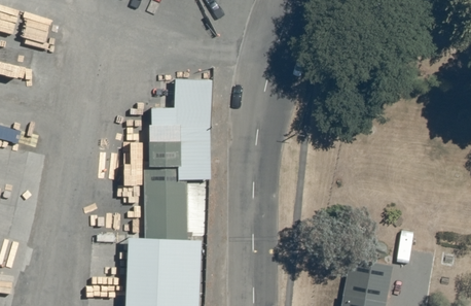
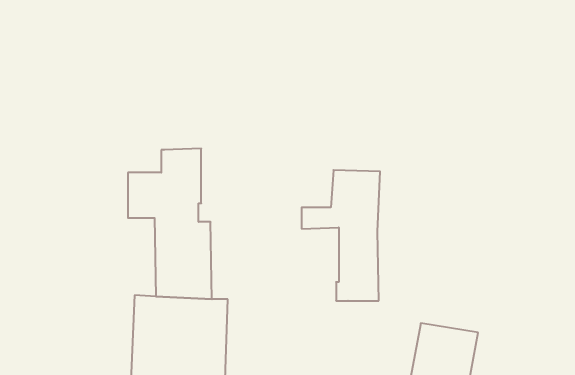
building: [151,79,212,180] -> [302,170,380,301]

